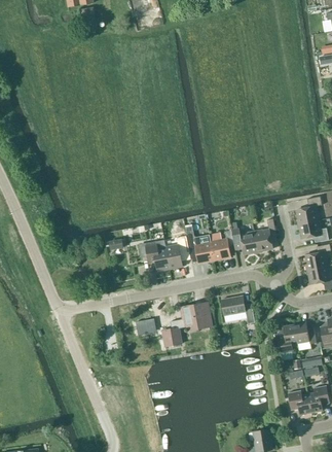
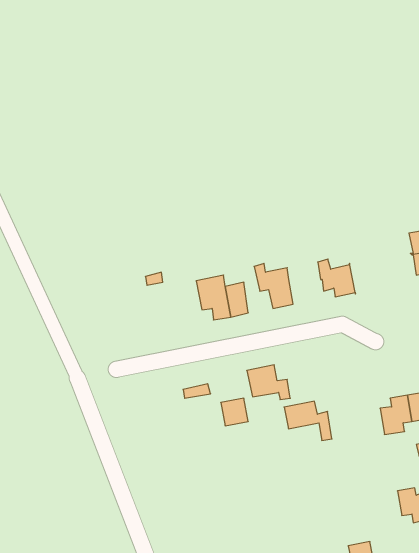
building: [254,218,276,252] -> none
building: [211,230,233,259] -> none
building: [221,295,255,323] -> [284,401,332,440]

